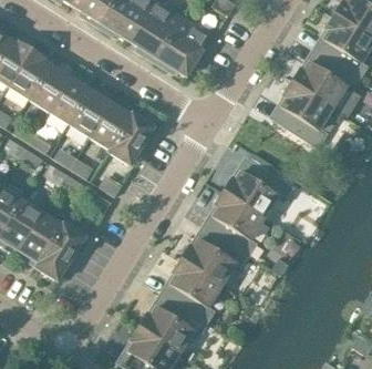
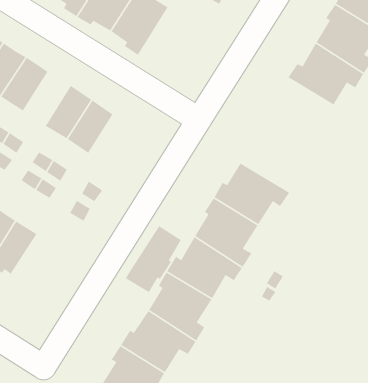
building: [154,18,209,76] -> none
building: [49,76,92,126] -> none
building: [272,82,332,147] -> none
building: [108,113,154,165] -> none
building: [35,218,87,280] -> [125,225,182,293]

